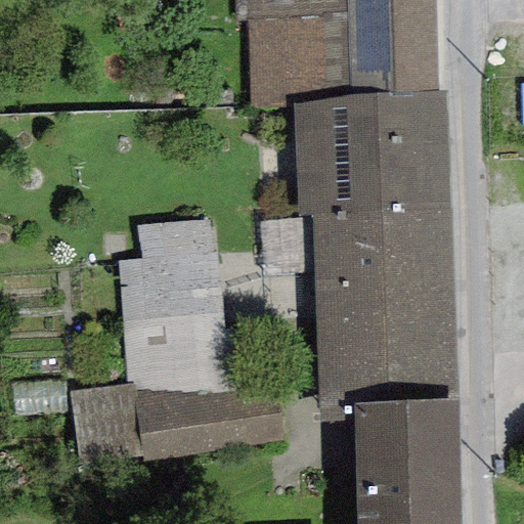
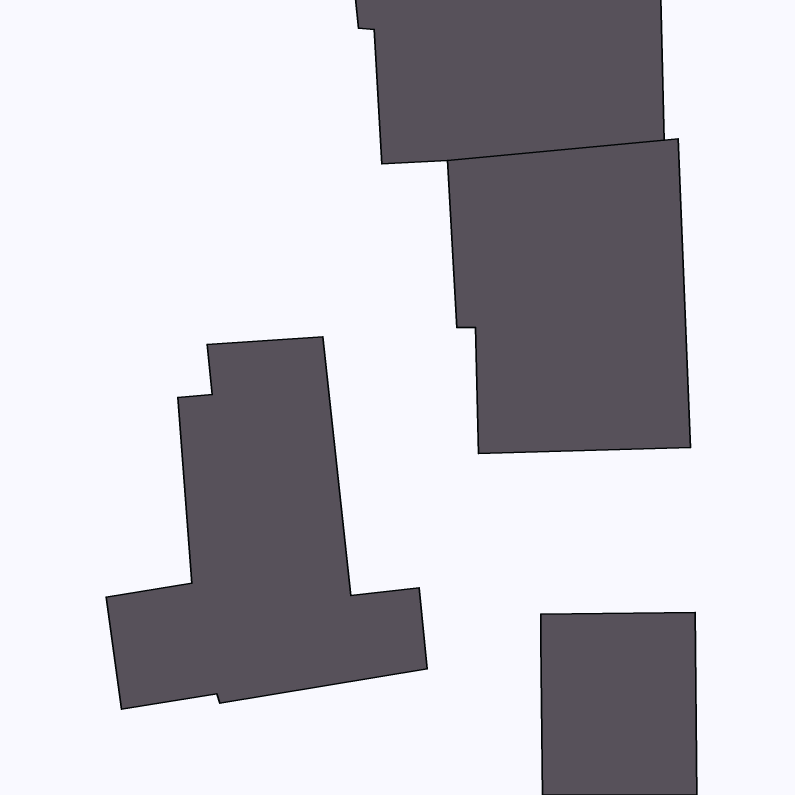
building: [315,294,457,423] -> none

